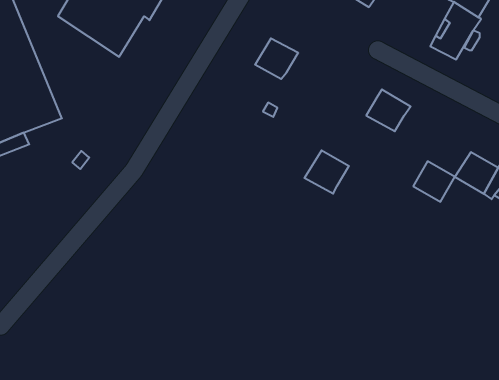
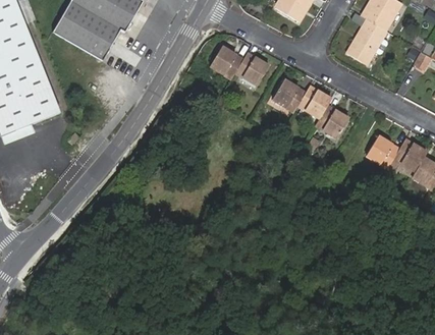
building: none -> [234,53,268,86]
building: [304,150,349,194] -> [271,79,306,113]
building: [413,161,455,202] -> [315,107,347,138]

